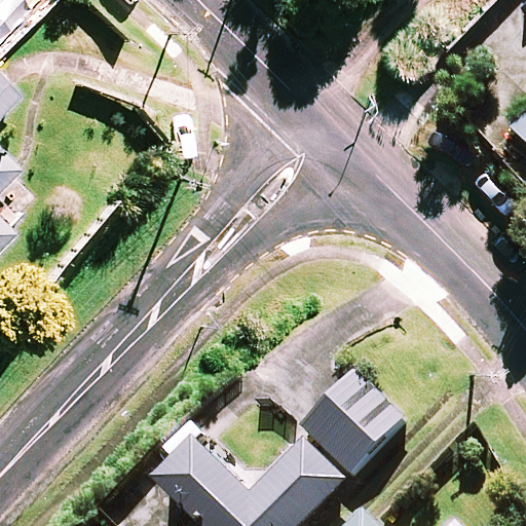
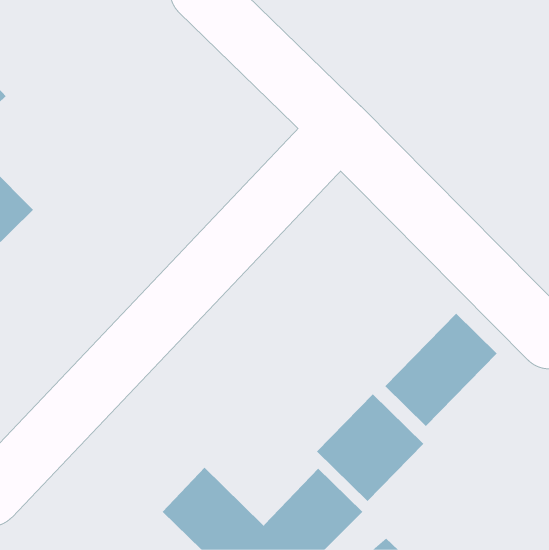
building: none -> [384,313,498,427]

